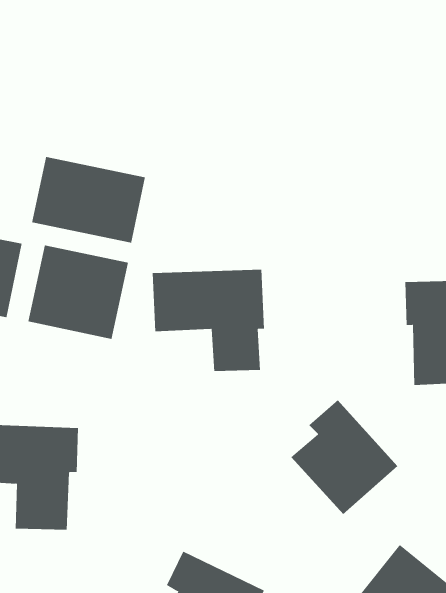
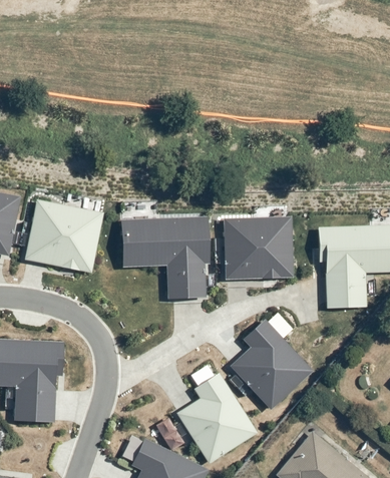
building: [32,156,146,244] -> none
building: none -> [224,215,294,279]
building: none -> [175,373,258,464]

